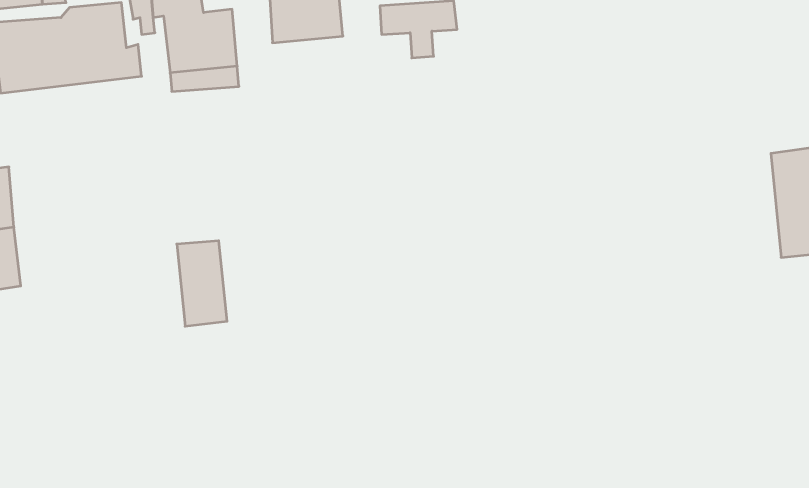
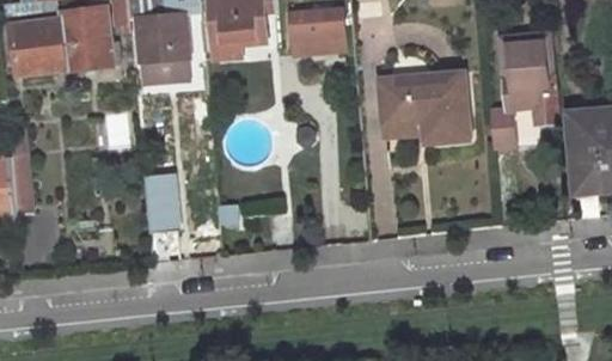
building: none -> [490,35,558,147]
building: none -> [379,71,469,136]

